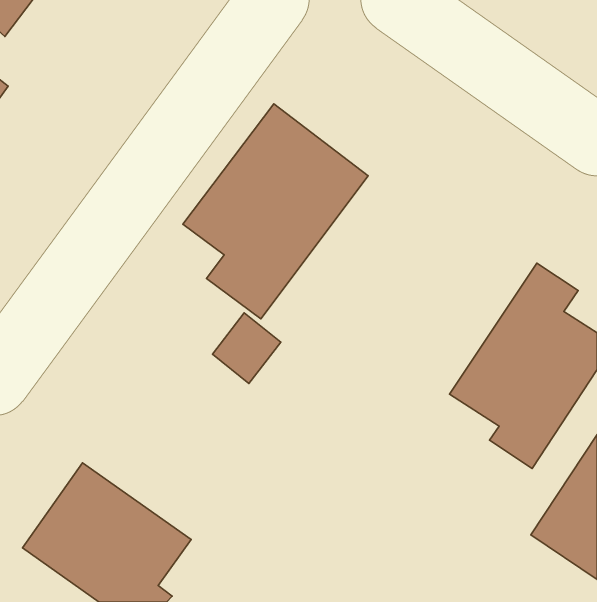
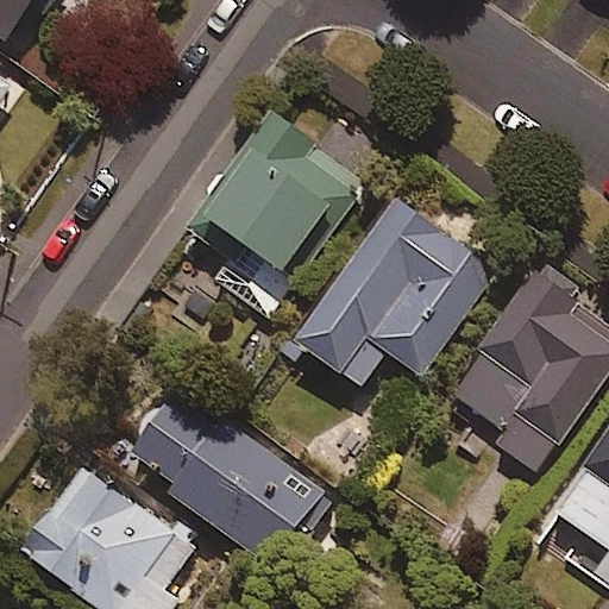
building: none -> [296,213,497,387]
building: none -> [114,382,320,564]

